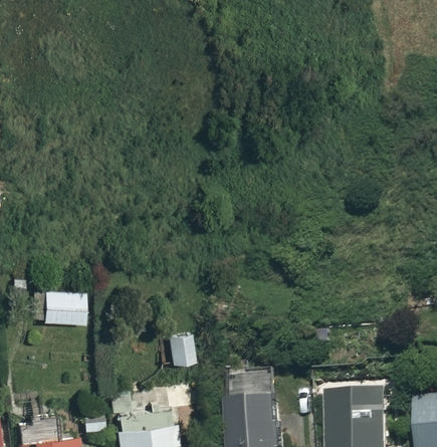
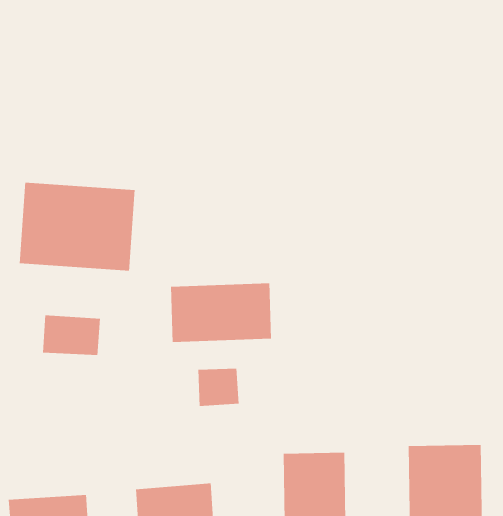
building: none -> [19,182,135,271]
building: none -> [170,283,272,343]

